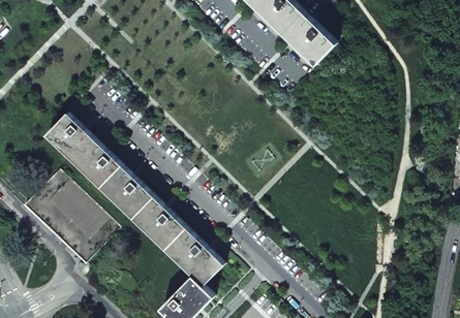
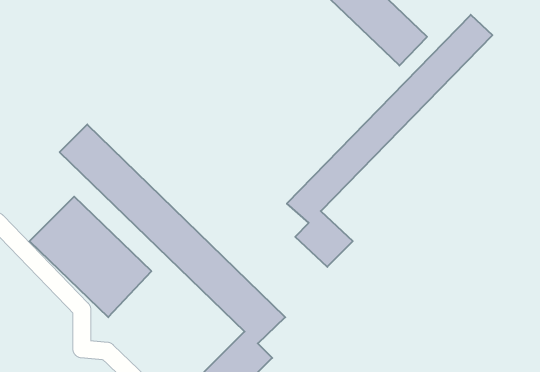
building: none -> [287,15,492,267]

